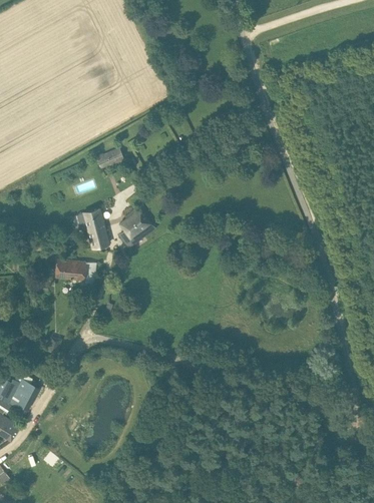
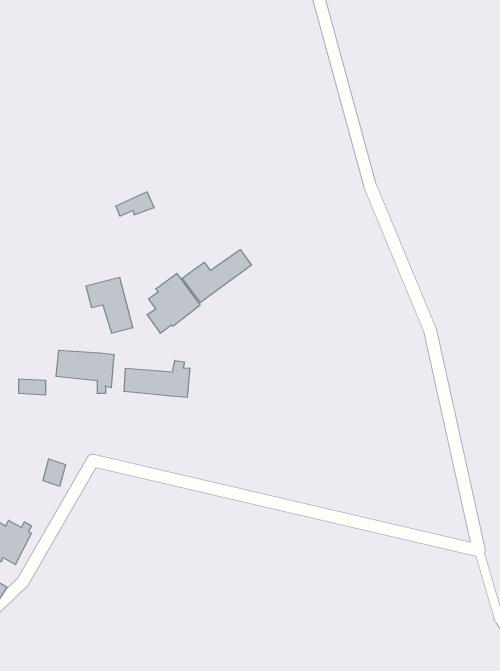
building: none -> [182,250,251,303]
building: none -> [124,360,190,397]

